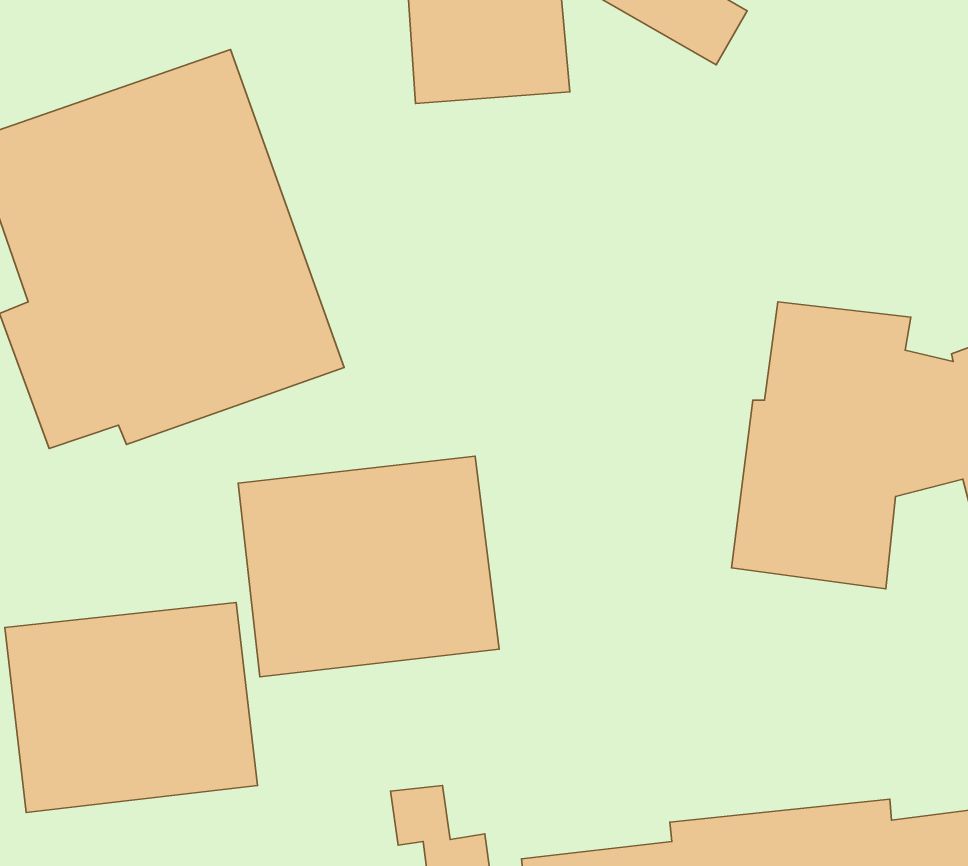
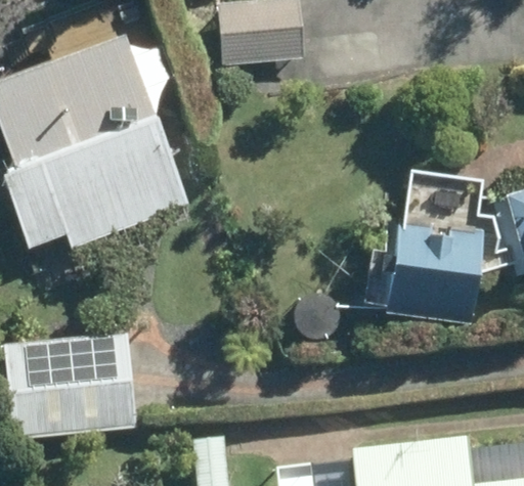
building: [238,456,499,677] -> none

